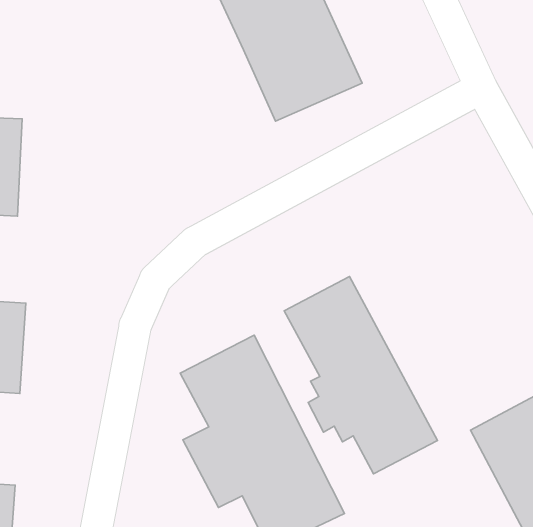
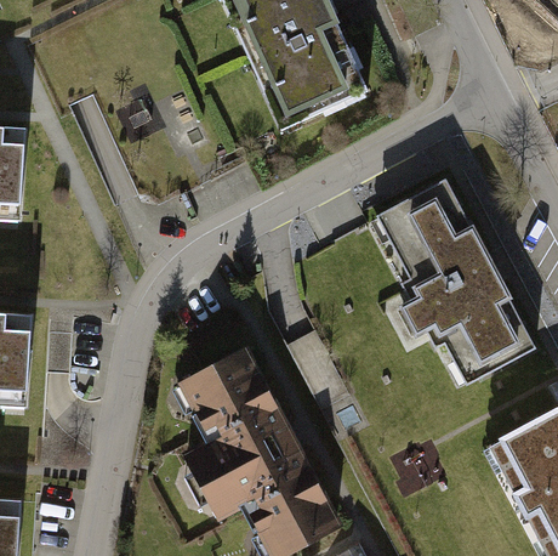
building: [284,276,438,474] -> [371,181,528,382]

